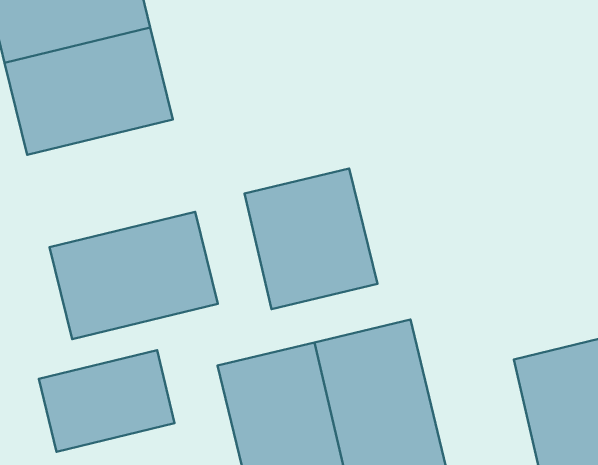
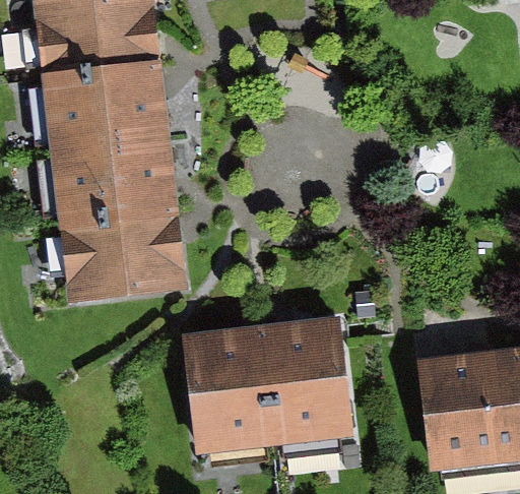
building: none -> [51,136,179,226]
building: [244,169,377,309] -> none
building: [39,350,175,452] -> none

